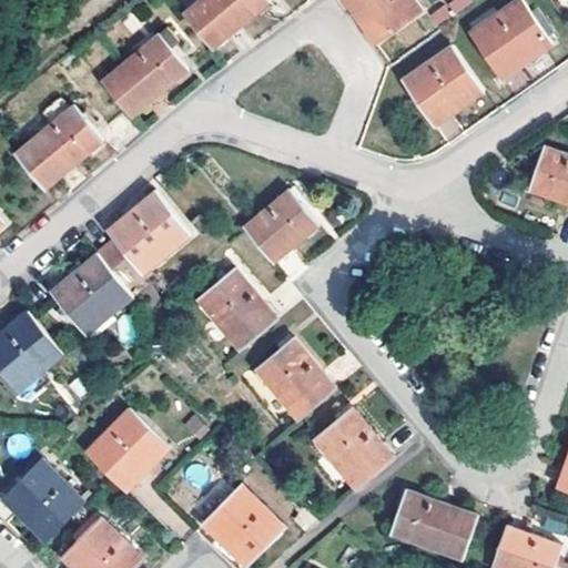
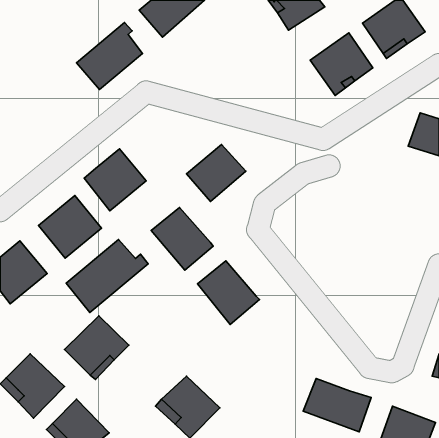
building: [12,106,101,190] -> none
building: none -> [66,240,148,313]
building: [313,408,394,491] -> none

